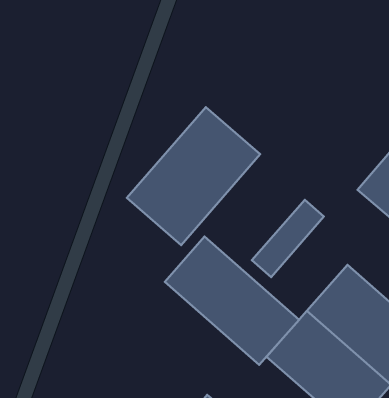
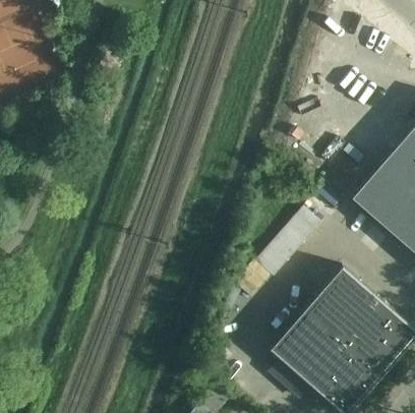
building: [127,107,260,245] -> none
building: [165,237,299,365] -> none

